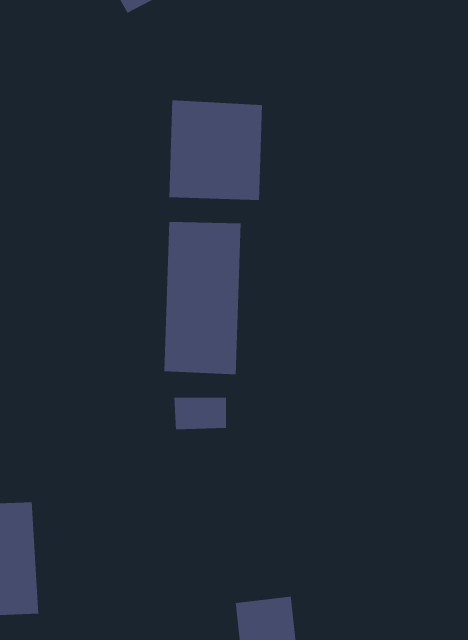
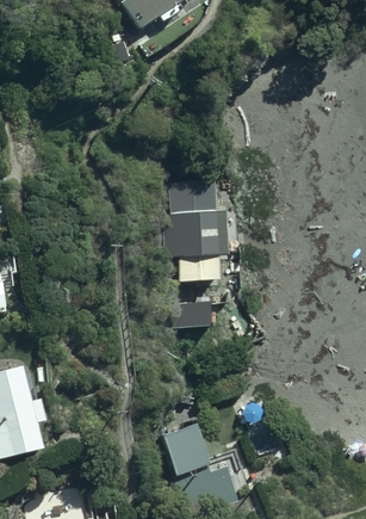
building: [169,99,263,201] -> none

